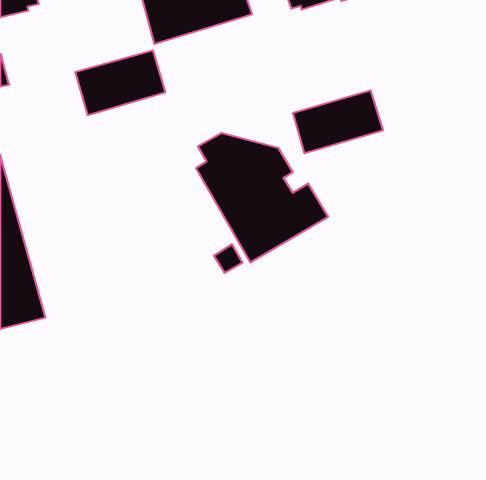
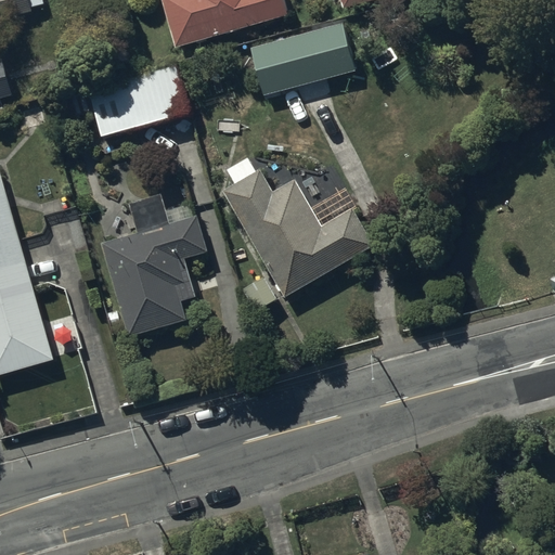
building: [293,90,383,153] -> [248,16,351,88]
building: none -> [102,196,206,336]

